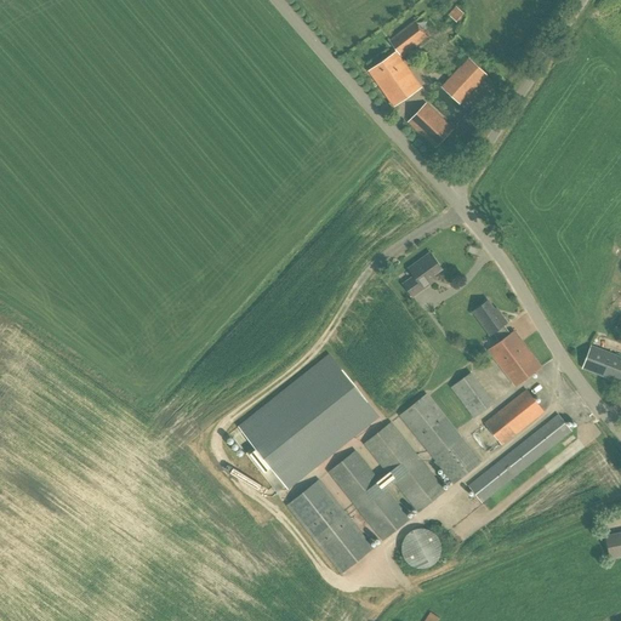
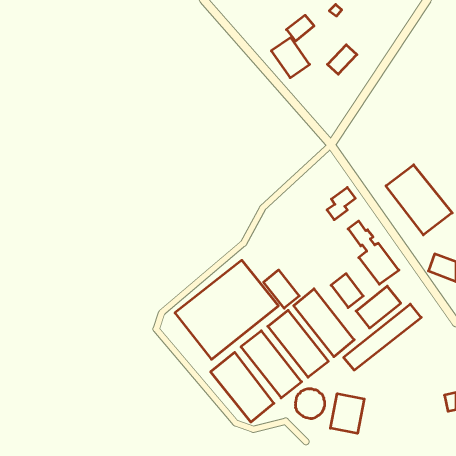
building: [408,103,452,147] -> none
building: none -> [386,165,452,235]
building: [403,252,441,296] -> [327,187,355,220]
building: none -> [264,270,299,308]
building: none -> [330,394,364,433]

